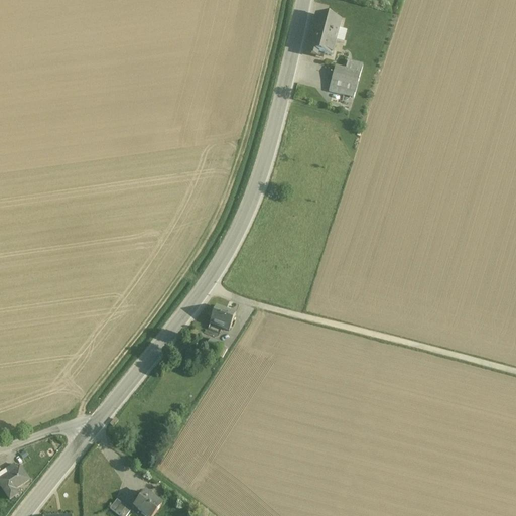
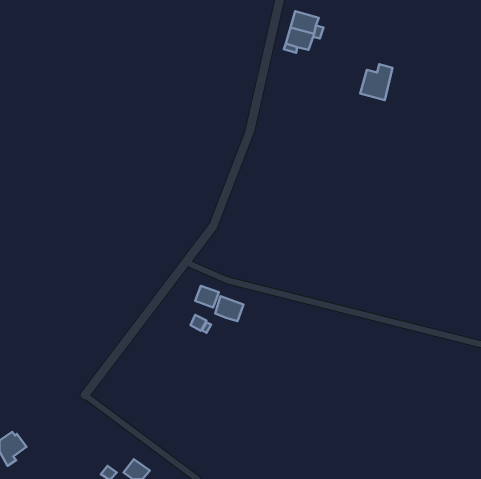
building: [327,58,361,97] -> [360,64,392,100]
building: none -> [215,296,243,321]

